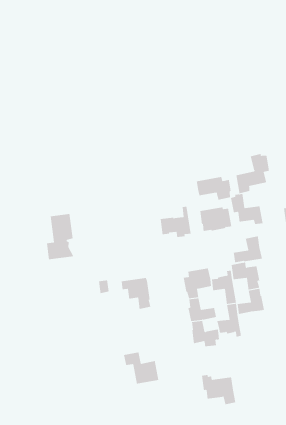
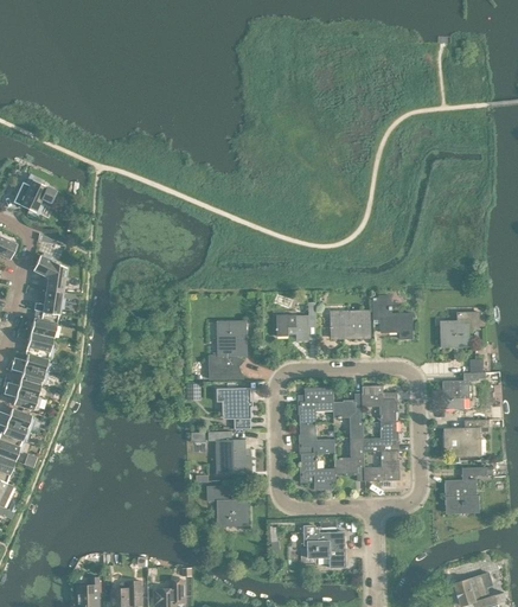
building: [236,153,270,194] -> none
building: [196,176,231,200] -> none
building: [46,214,74,260] -> [209,321,245,378]
building: [233,235,263,263] -> none
building: none -> [363,452,399,481]
building: none -> [206,432,250,473]

